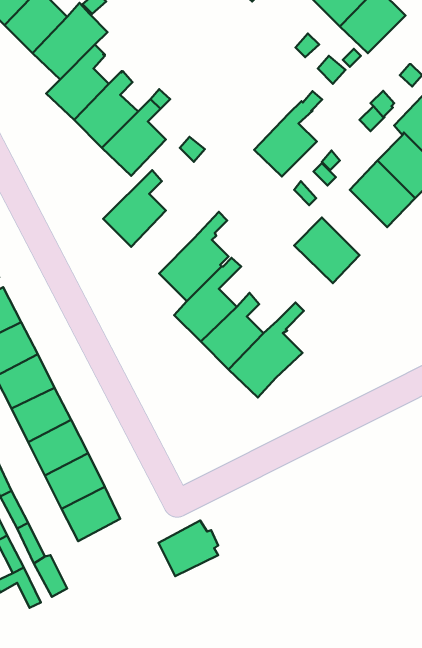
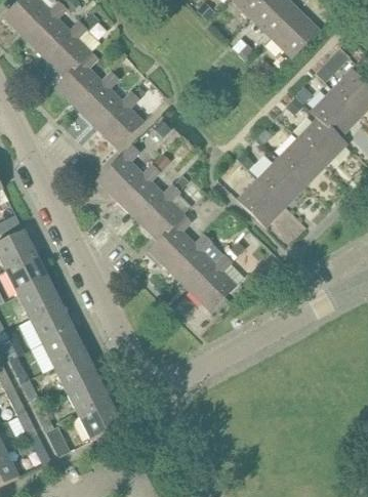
building: [254,91,322,176] -> [117,156,167,218]
building: none -> [257,157,305,205]
building: [158,520,218,576] -> [78,399,122,440]

